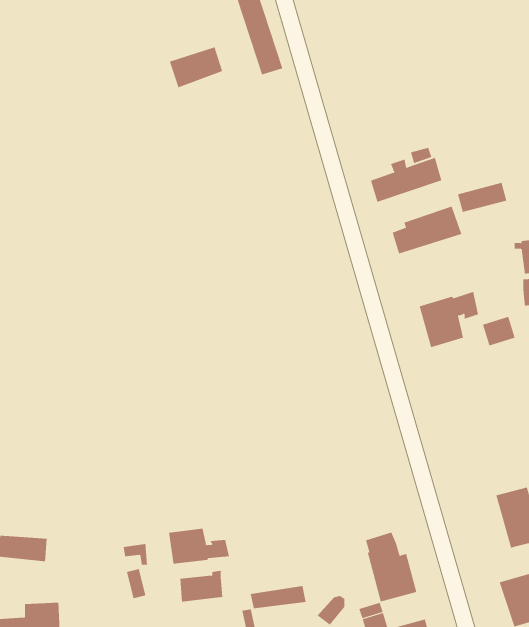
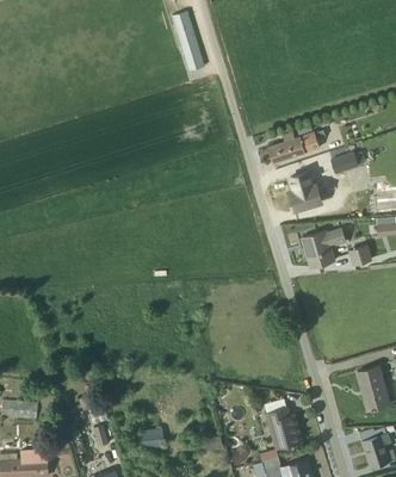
building: [169,46,223,88] -> none
building: [168,528,229,565] -> none

